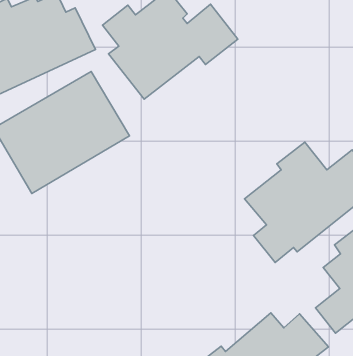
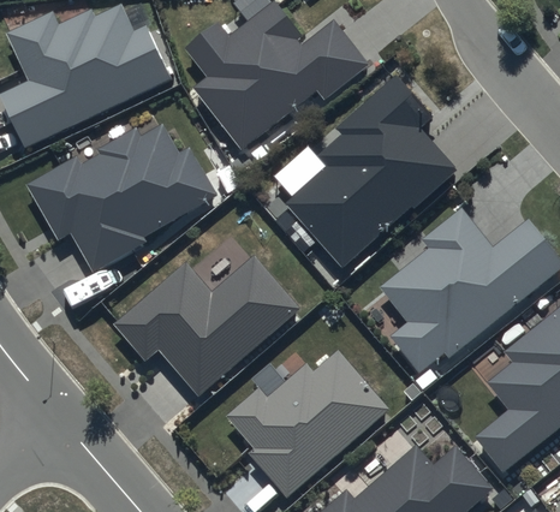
building: none -> [284,72,454,267]
building: none -> [114,254,300,397]
building: none -> [226,347,392,498]

